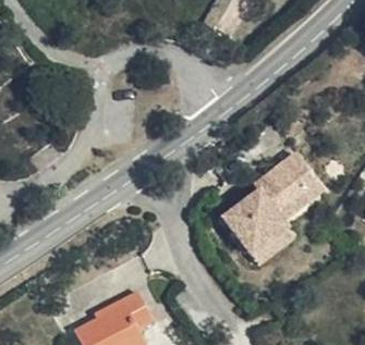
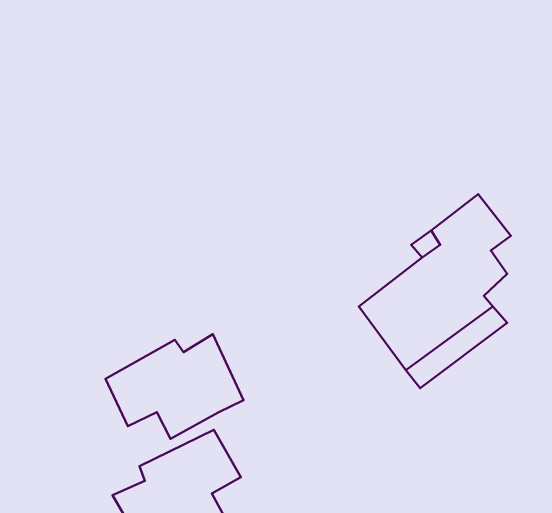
building: none -> [106,334,244,439]

